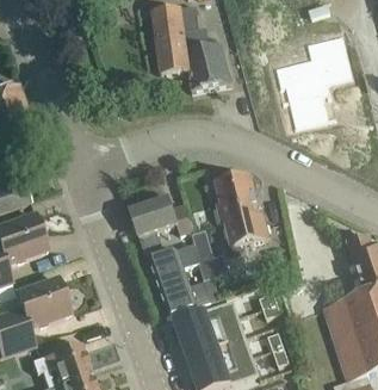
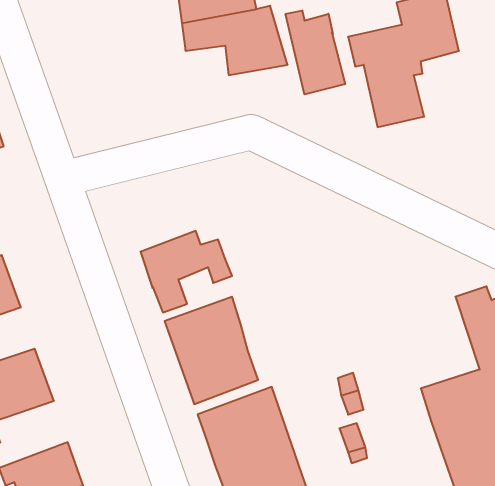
building: none -> [286,10,345,94]
building: [215,173,268,247] -> none
building: [190,229,229,280] -> none

